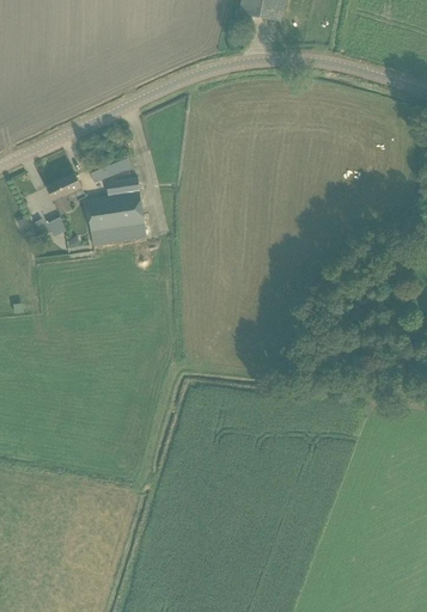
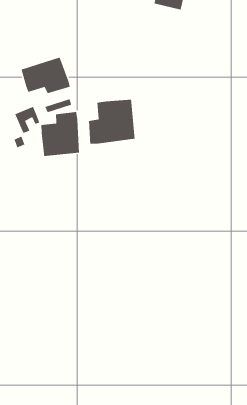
building: none -> [20,57,71,94]
building: none -> [88,99,136,145]

